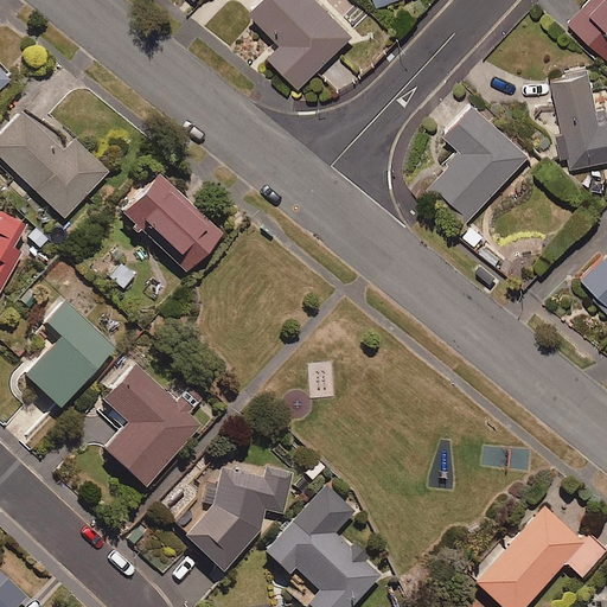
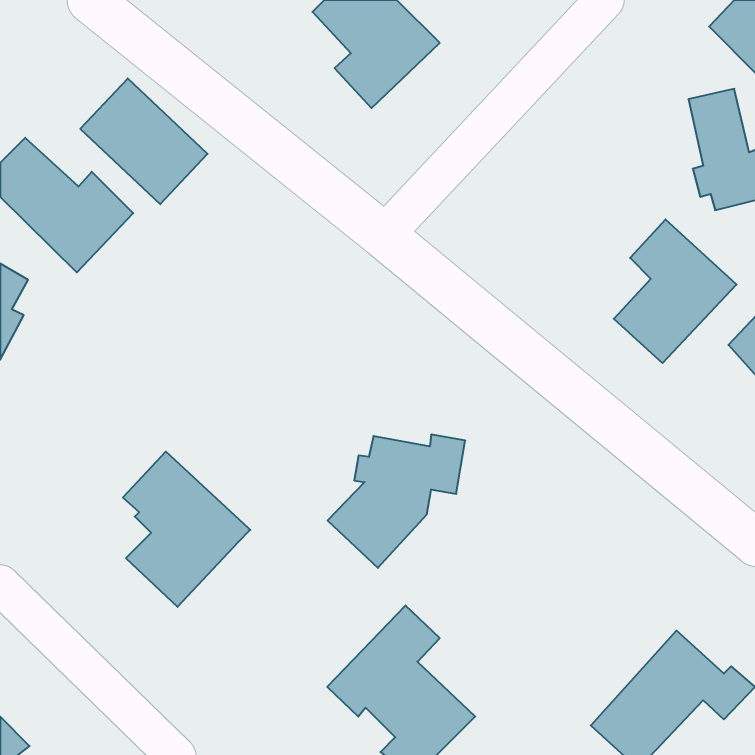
building: [433,103,531,218] -> [614,219,737,363]
building: [120,173,222,274] -> [80,78,208,204]
building: [23,300,115,408] -> none
building: [183,466,293,573] -> [328,435,465,568]

